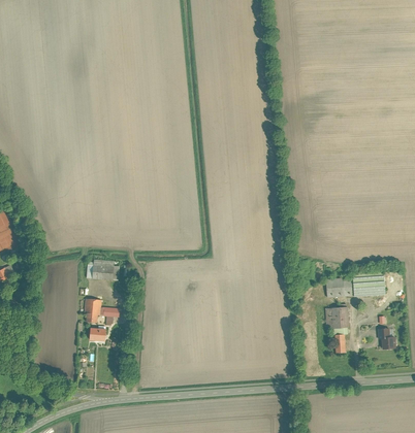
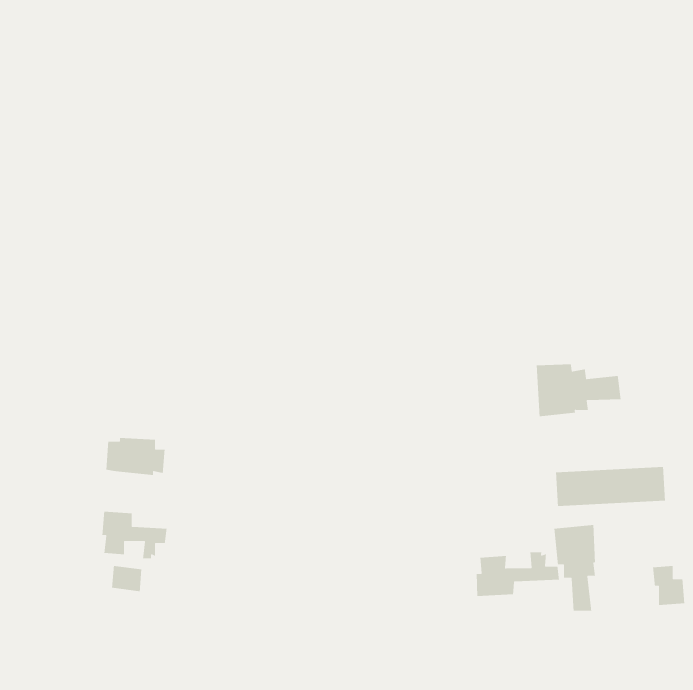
building: none -> [536,363,622,417]
building: none -> [476,551,560,597]

